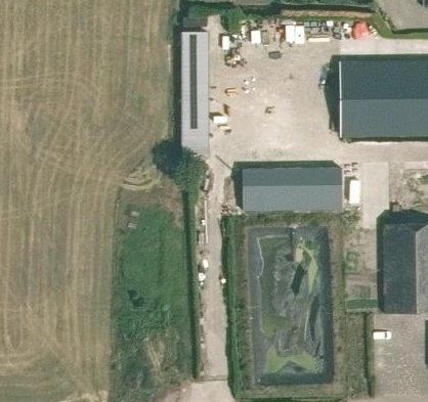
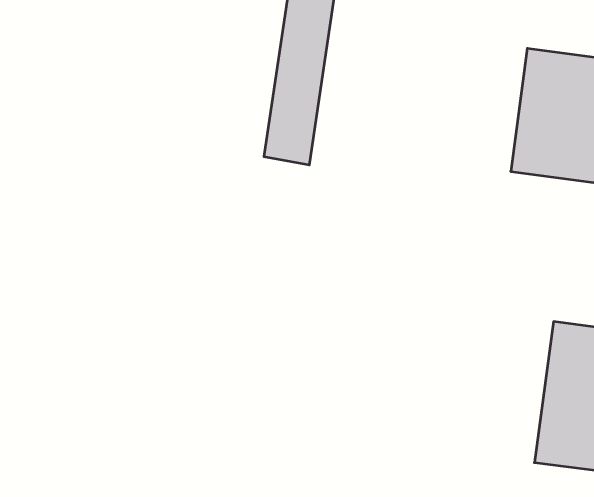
building: [242,168,341,211] -> none

